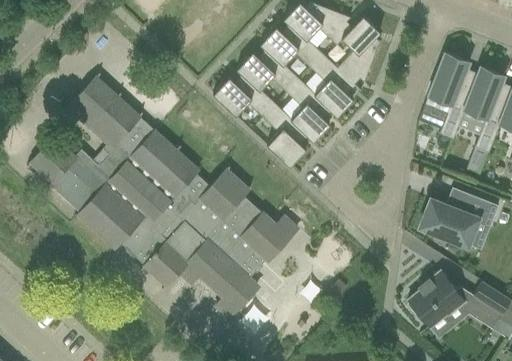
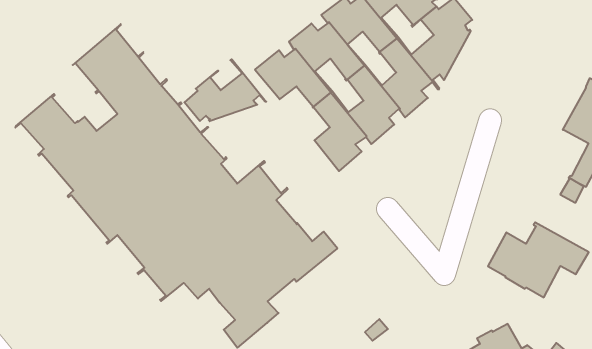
building: [424,53,478,140] -> none
building: none -> [184,59,266,121]

